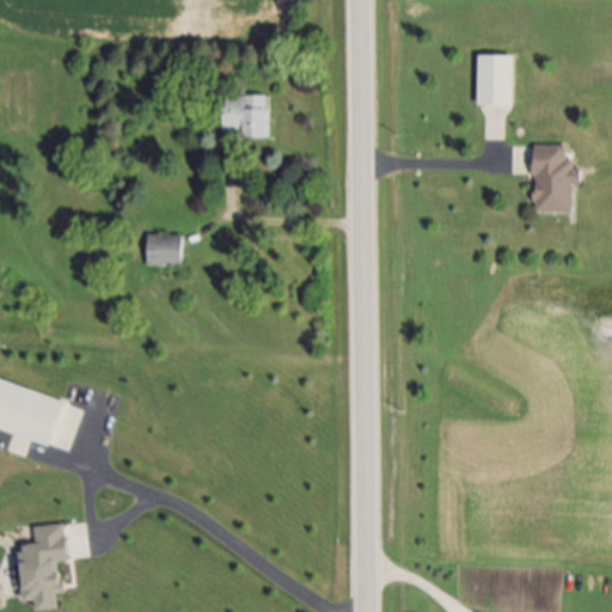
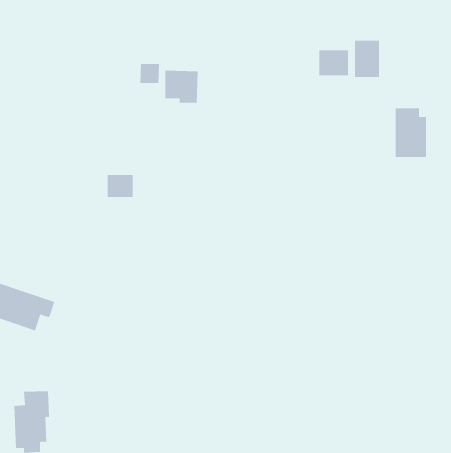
building: none -> [319,50,348,76]
building: none -> [140,63,159,84]

